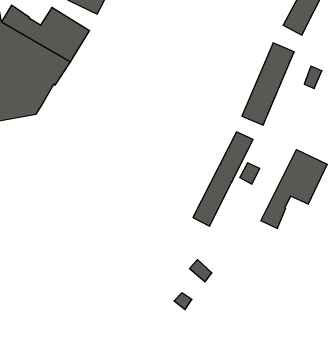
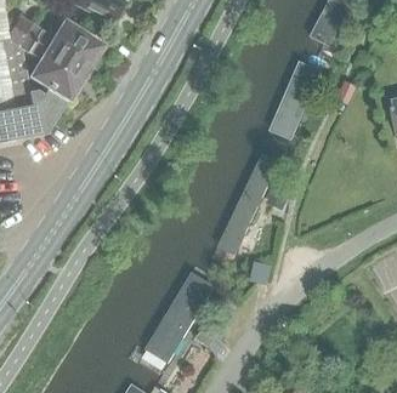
building: [261,150,327,229] -> none
building: none -> [138,268,217,375]

